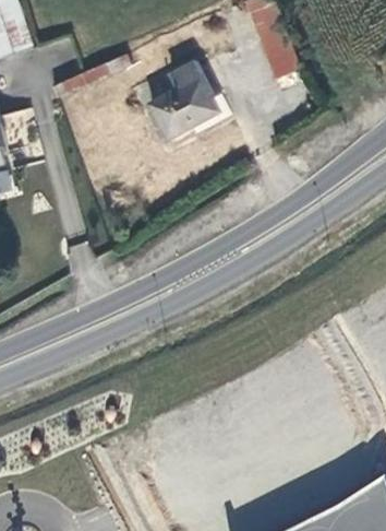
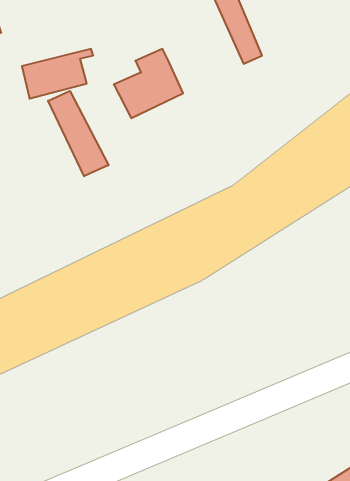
building: none -> [48,91,109,176]

